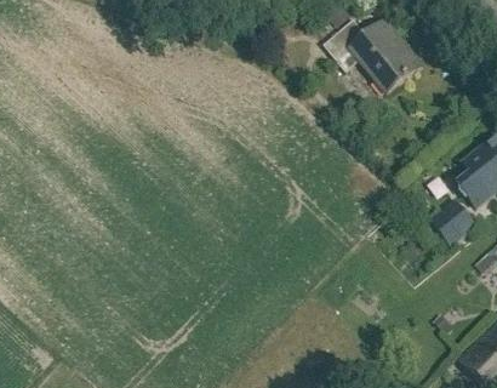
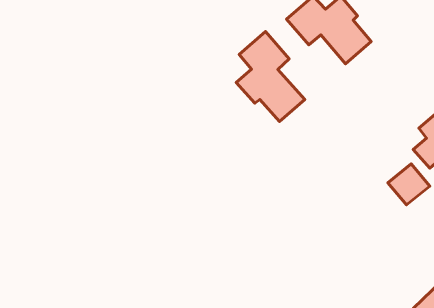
building: none -> [236,32,305,121]

